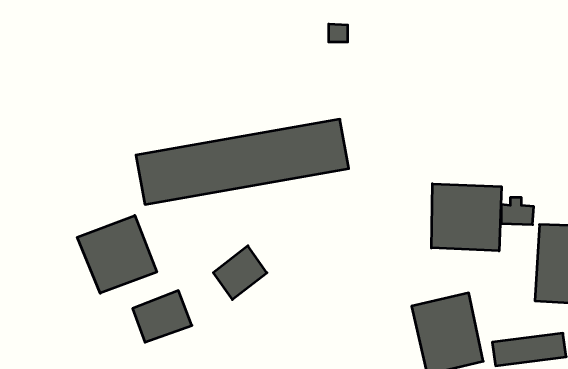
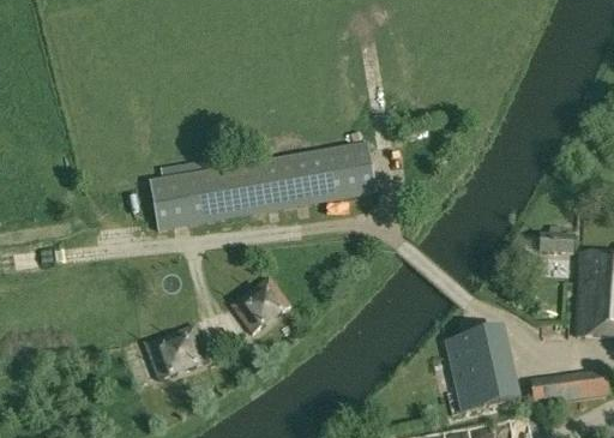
building: [431,184,501,251] -> none
building: [77,215,157,293] -> none

